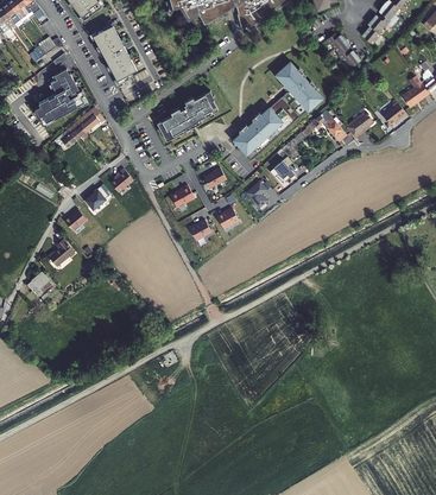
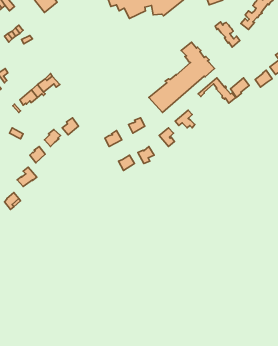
building: [94,21,137,83] -> none
building: [36,68,86,121] -> none
building: [156,91,217,142] -> none

